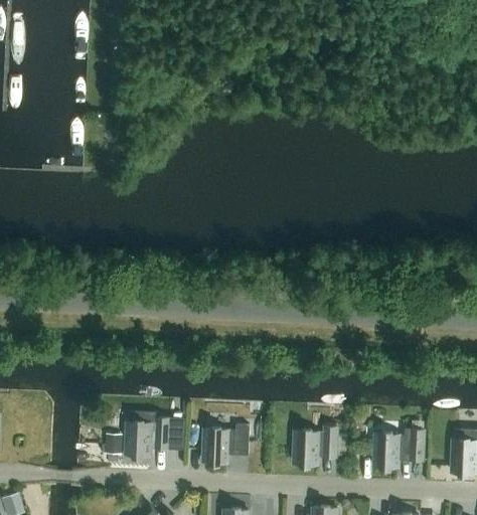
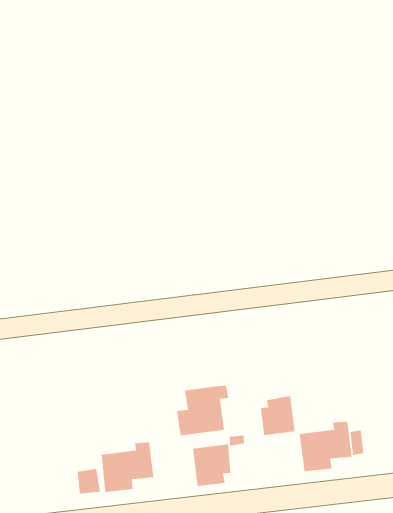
building: none -> [176,385,229,436]
building: none -> [260,395,295,436]

